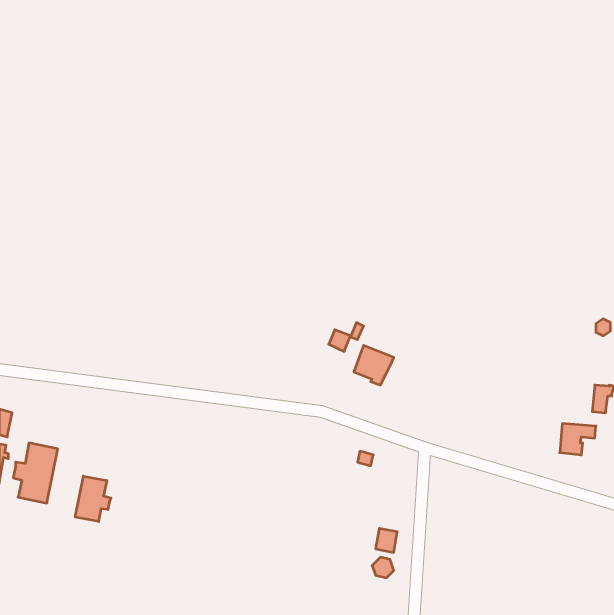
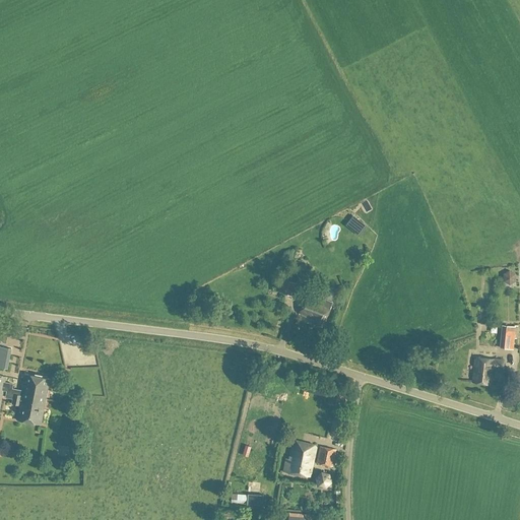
building: [75,476,111,522] -> none
building: none -> [283,442,316,476]

